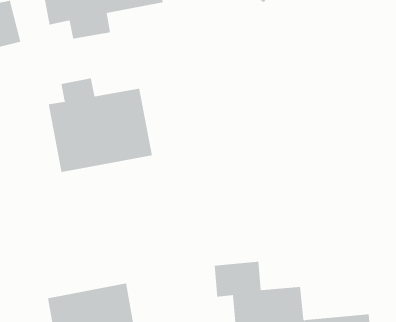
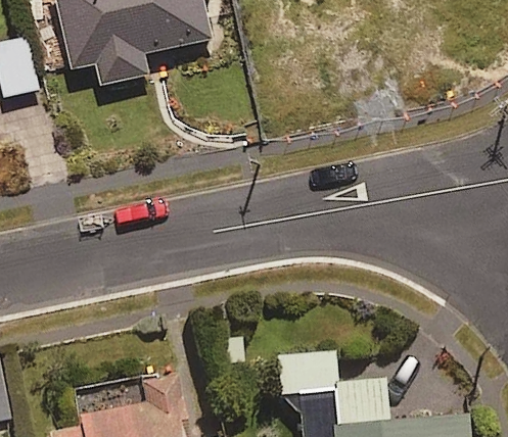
building: [48,77,152,173] -> none

